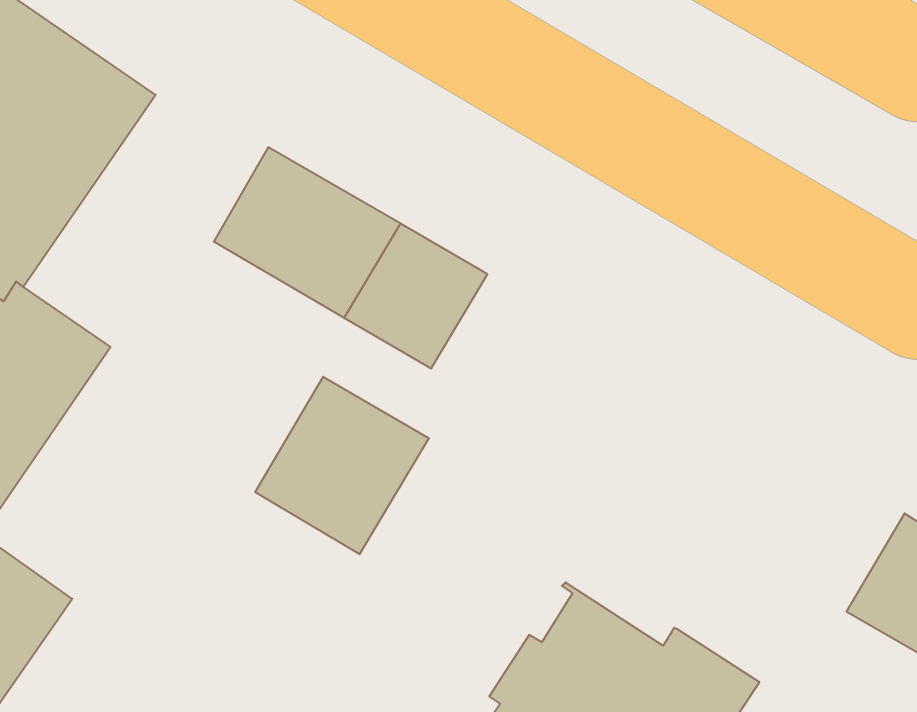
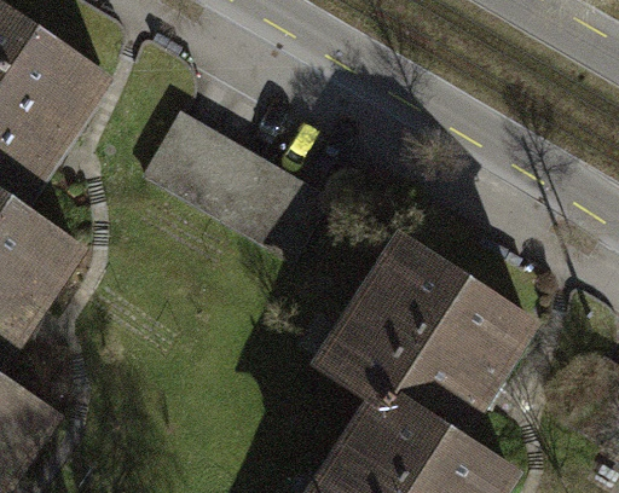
building: none -> [330,244,528,442]
building: [255,377,429,554] -> none

